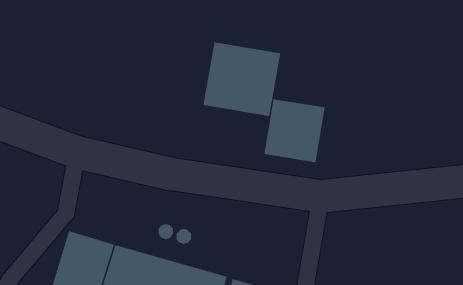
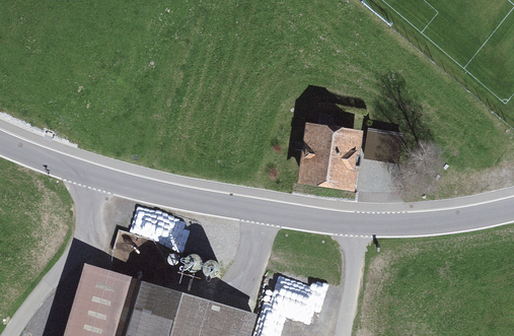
building: [203,42,281,117] -> none

